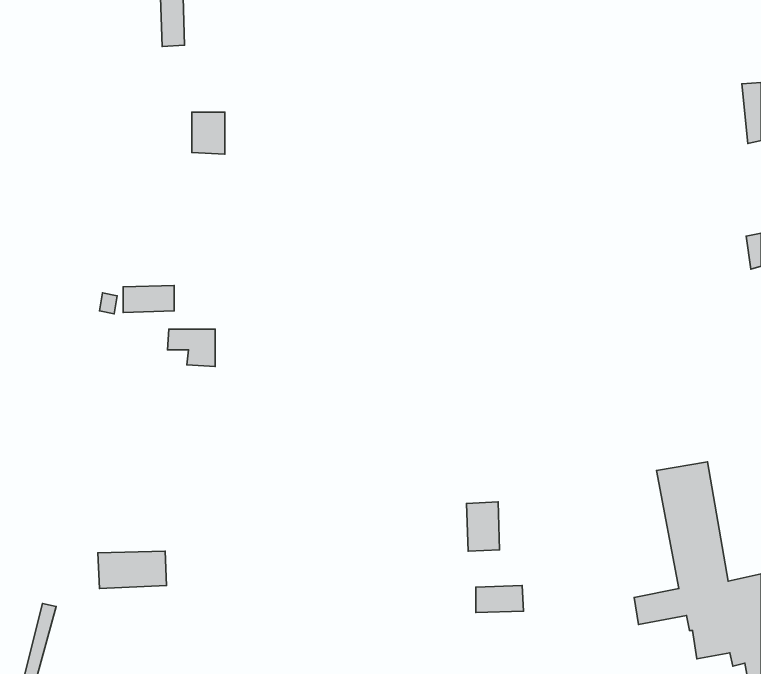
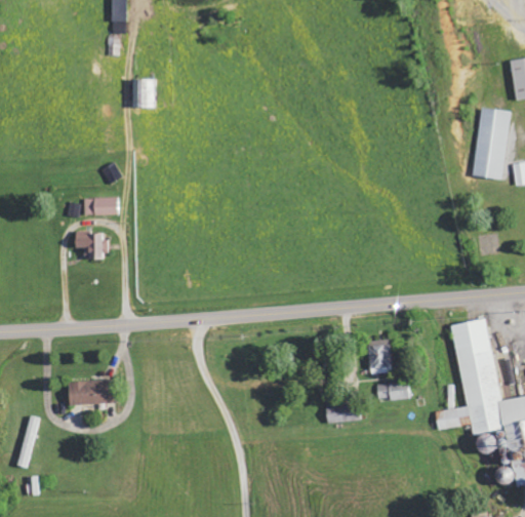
building: none -> [473,107,511,178]
building: [167,329,215,366] -> [75,233,108,258]
building: [467,502,500,551] -> [369,340,392,373]
building: none -> [377,381,410,400]

